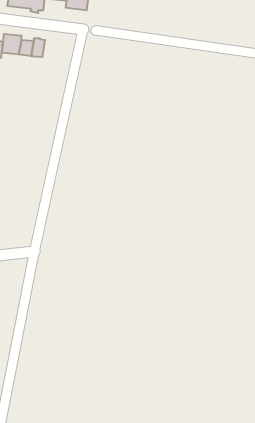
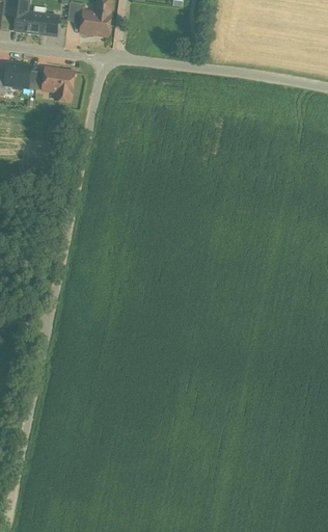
building: none -> [55,69,74,101]

